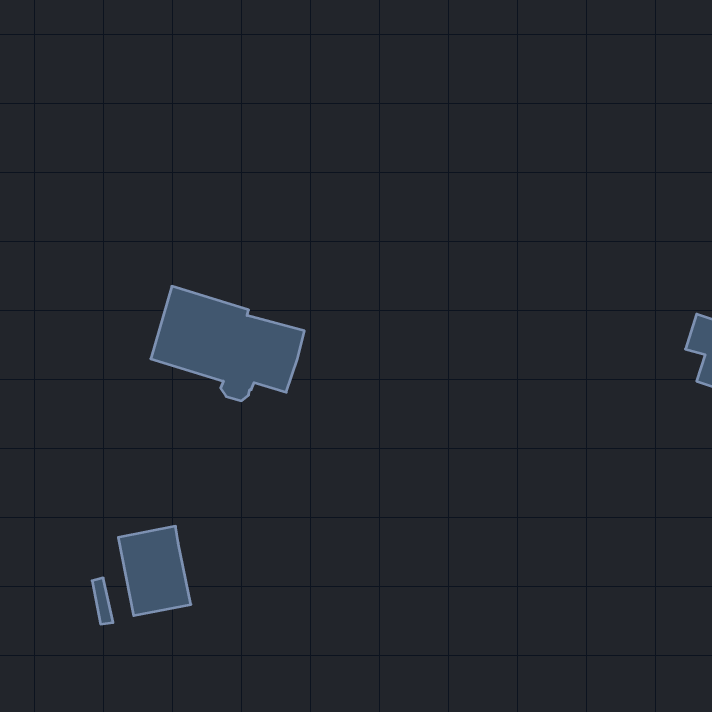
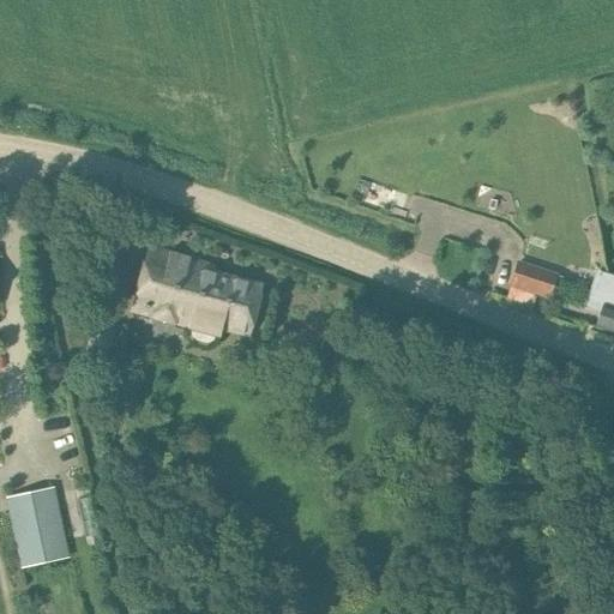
building: none -> [511,259,547,294]
building: [118,526,191,616] -> [7,488,70,565]

